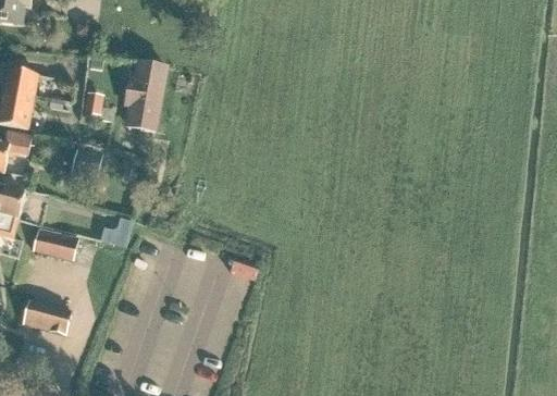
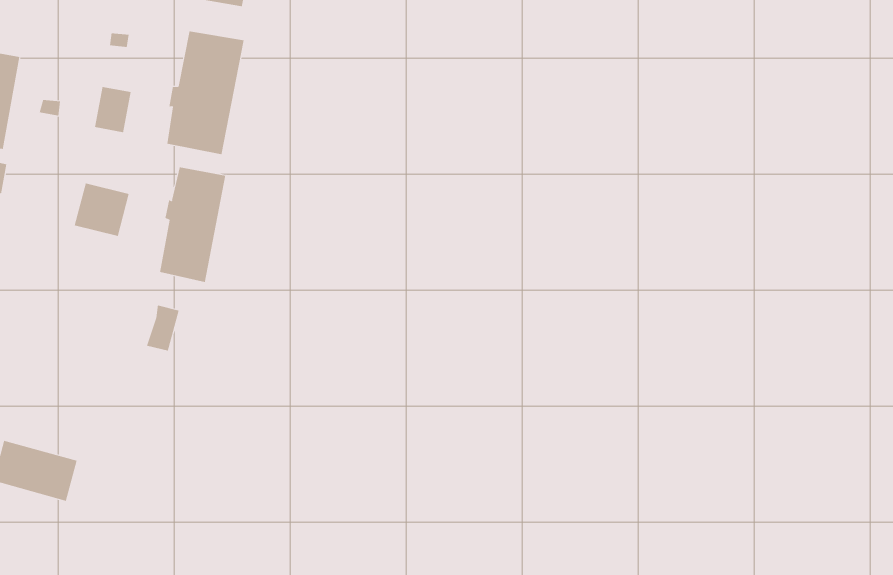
building: none -> [159,166,226,283]
building: [32,227,77,260] -> none

